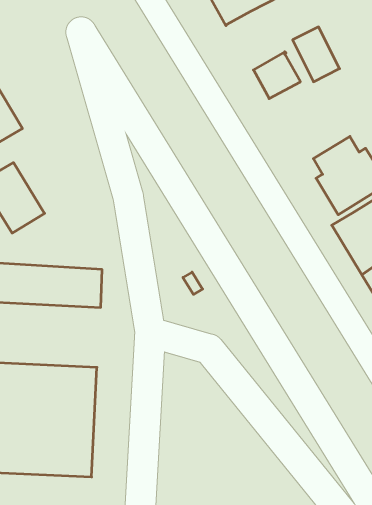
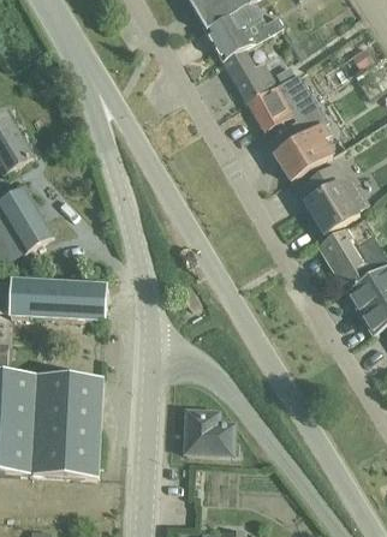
building: none -> [222,47,275,101]
building: none -> [275,105,332,179]
building: none -> [184,408,239,455]

